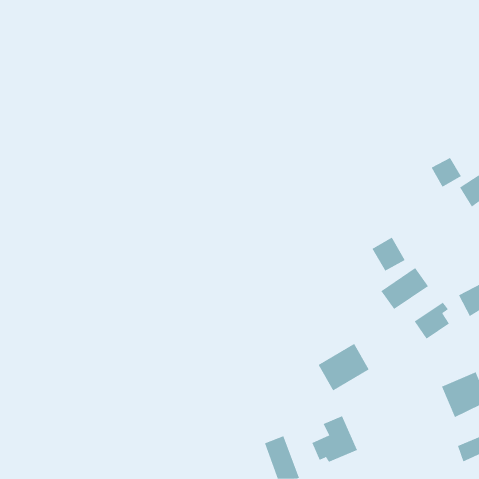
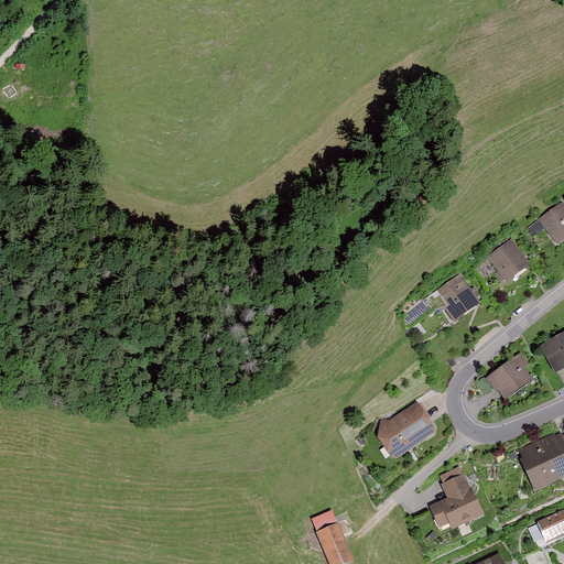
building: [431,157,462,187] -> [489,242,525,278]
building: [381,267,429,310] -> none
building: [311,415,358,463] -> [429,473,482,528]

